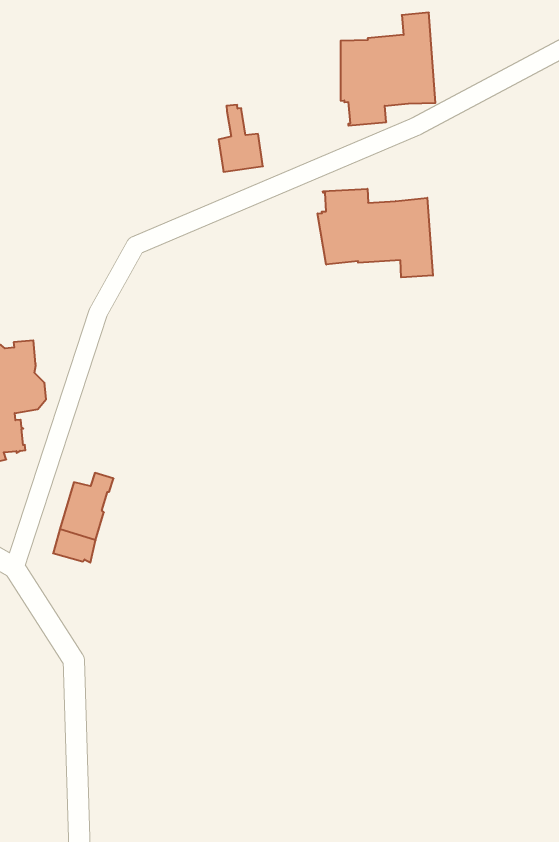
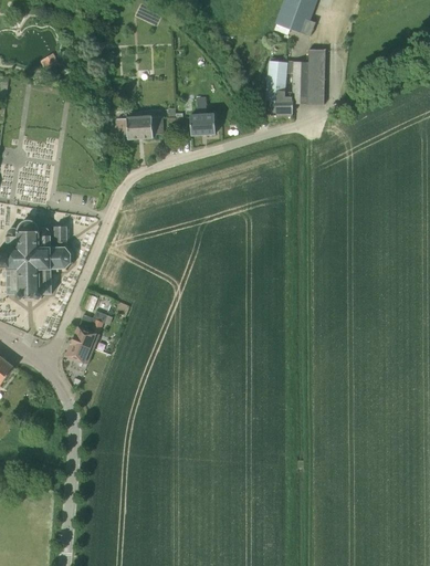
building: none -> [116,115,161,138]
building: [318,189,433,277] -> none

